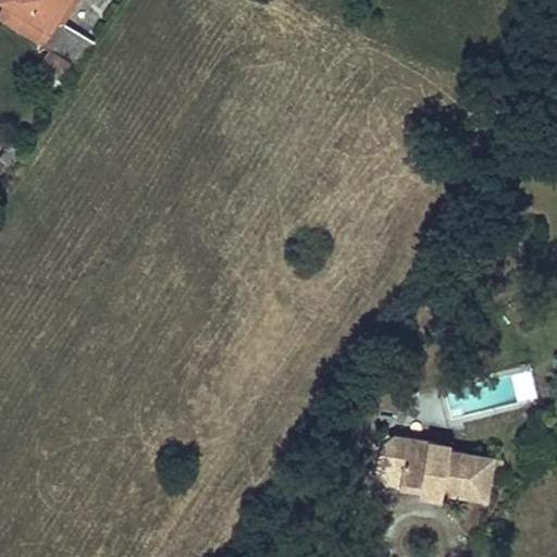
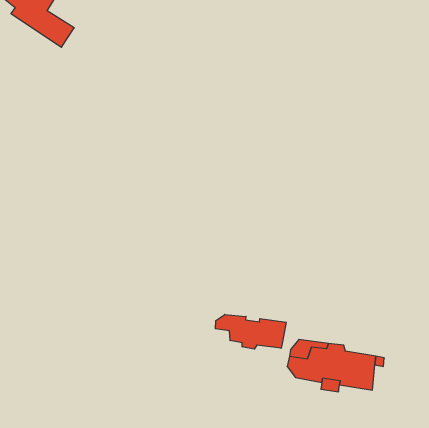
building: none -> [215,314,286,349]

